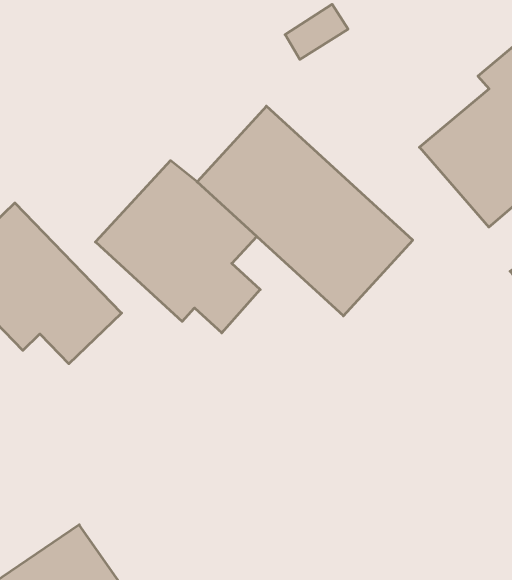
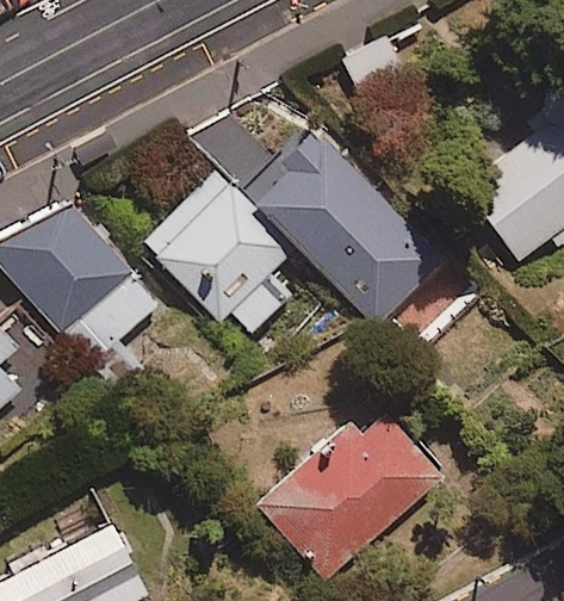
building: none -> [255,401,444,575]

